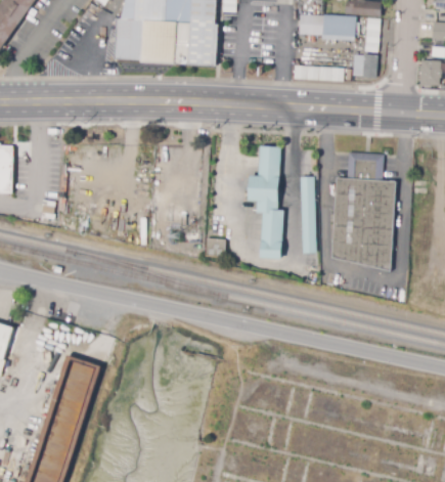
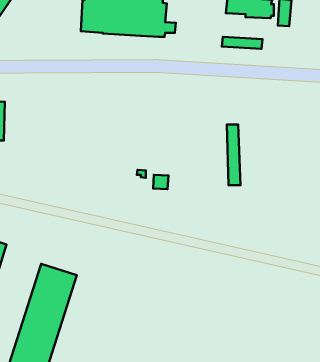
building: [353,54,376,77] -> none
building: [247,144,282,257] -> none
building: [329,151,395,270] -> none

